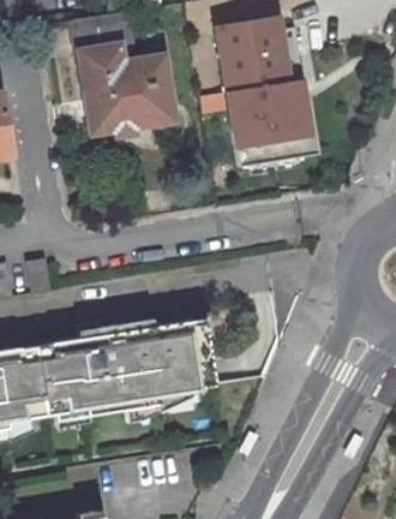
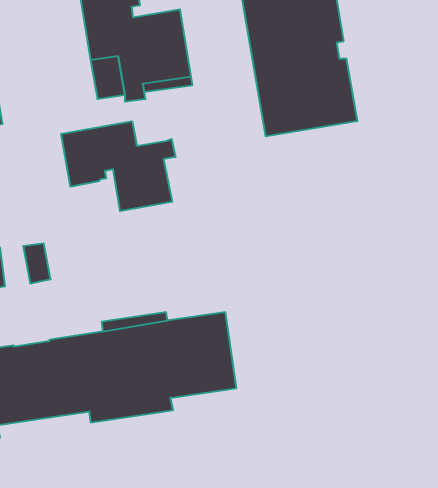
building: none -> [61,121,175,211]

